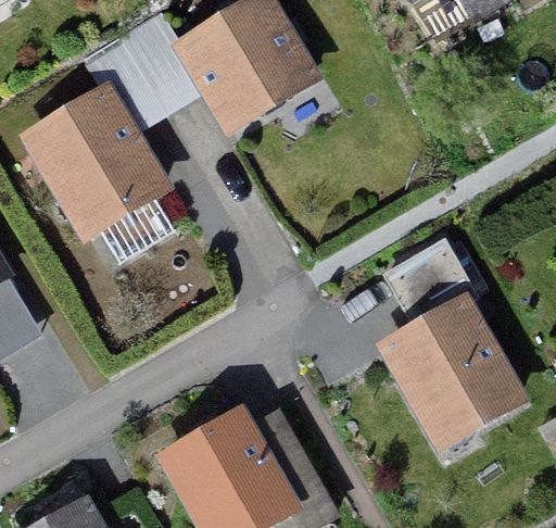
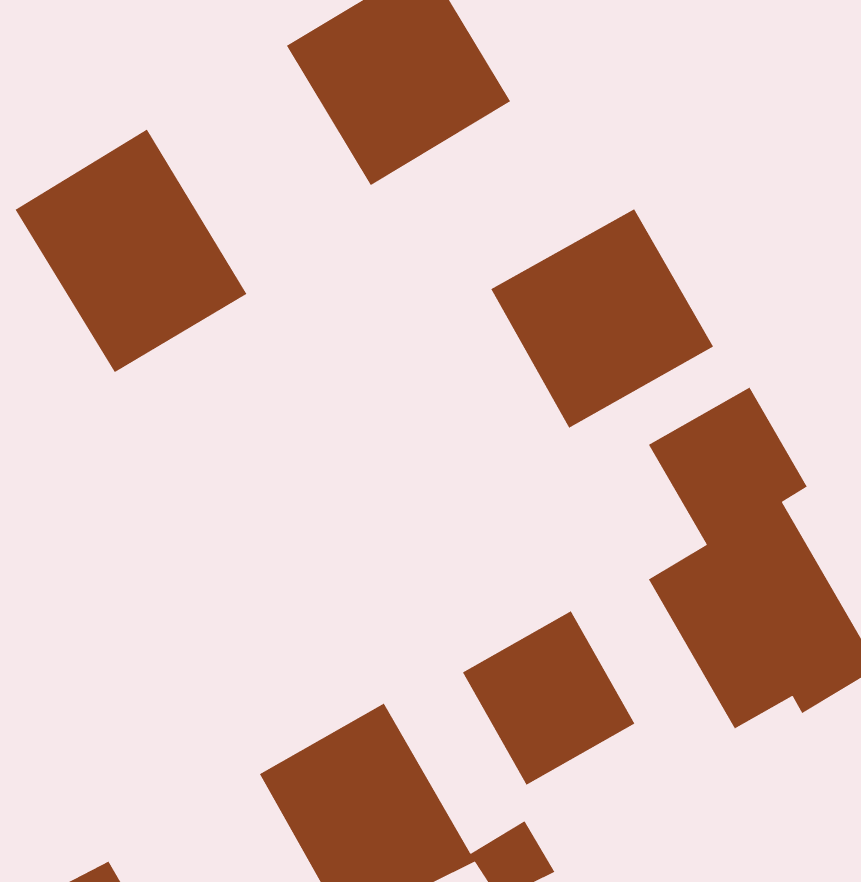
building: none -> [490,208,714,429]
building: none -> [462,610,636,786]

